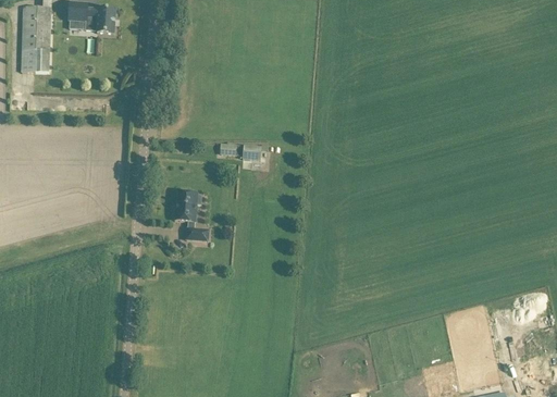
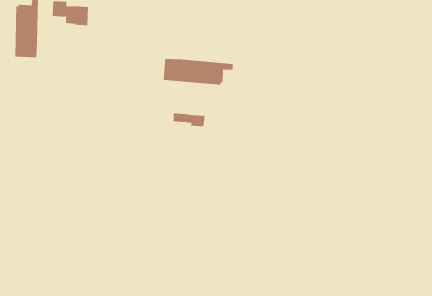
building: none -> [163,58,233,86]
building: [174,191,208,241] -> none

